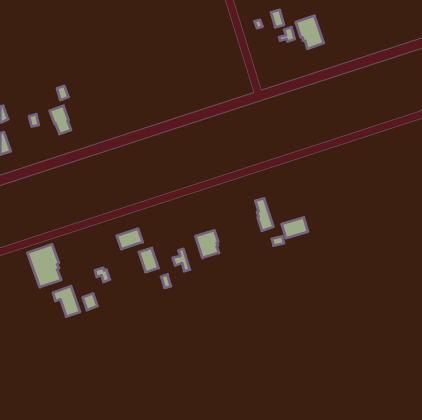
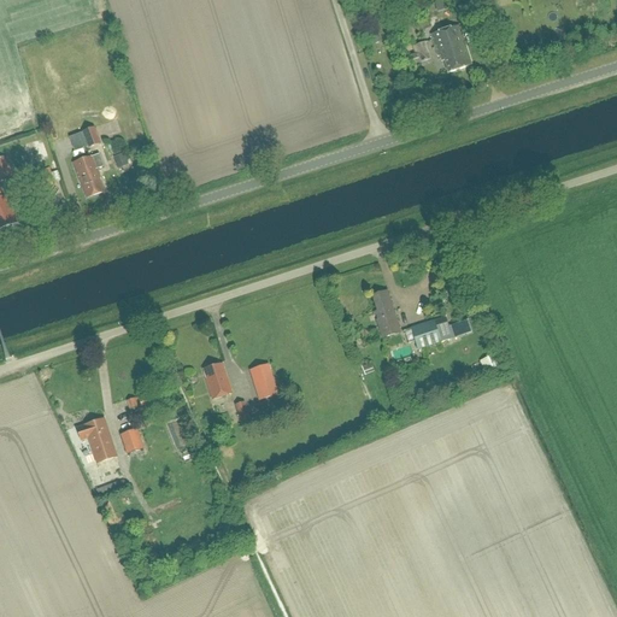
building: [117,229,143,249] -> none
building: [196,230,219,258] -> none
building: [28,244,61,287] -> none

